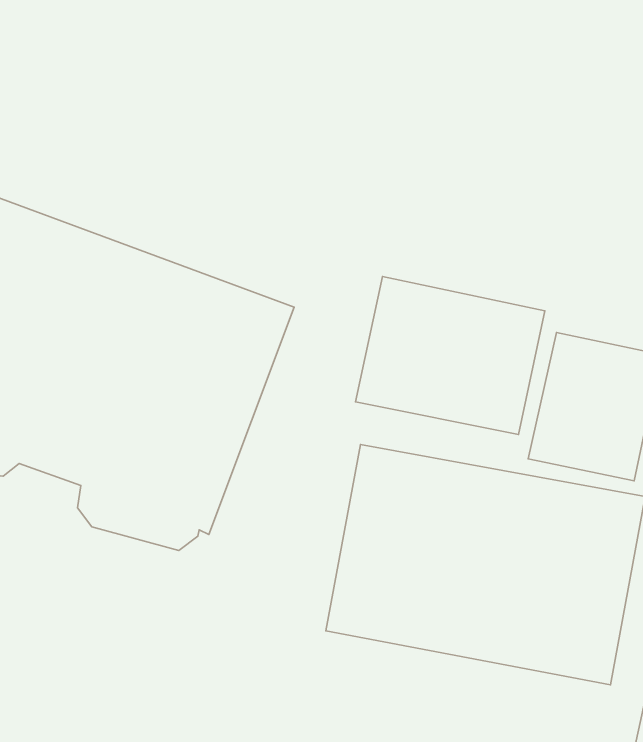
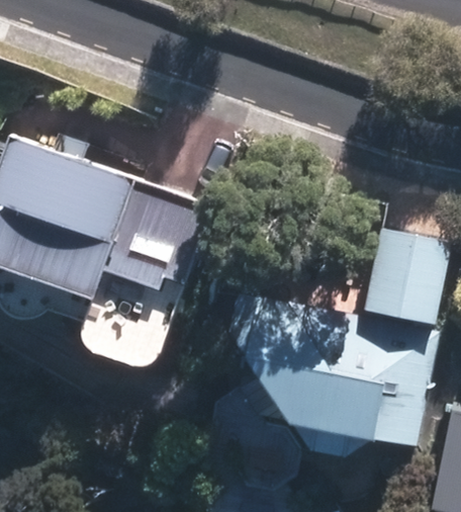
building: [356,276,545,434] -> none

